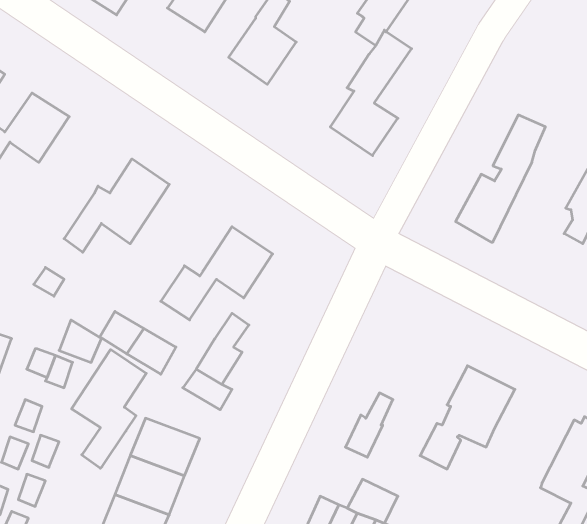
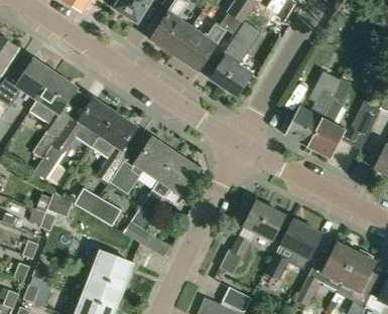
building: none -> [173,22,226,69]
building: none -> [29,71,77,158]
building: none -> [307,77,349,157]
building: none -> [159,153,201,195]
building: none -> [244,201,284,239]
building: [72,350,146,468] -> [92,112,136,182]
building: none -> [296,242,356,305]

